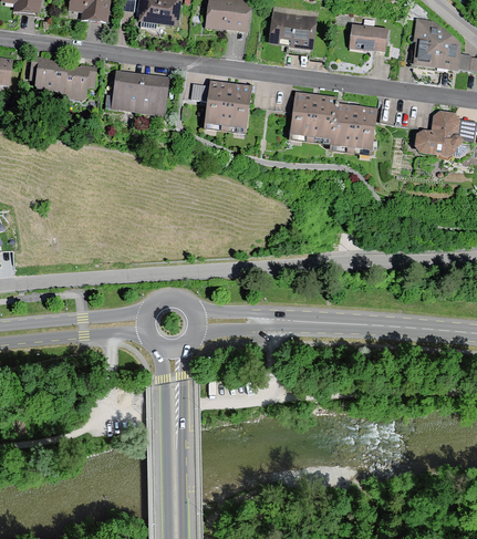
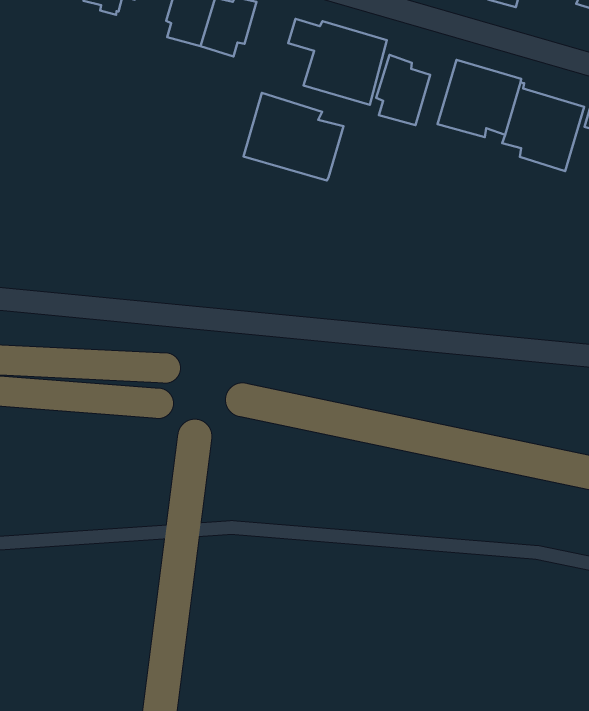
building: none -> [376,55,430,125]
building: none -> [243,93,343,181]

